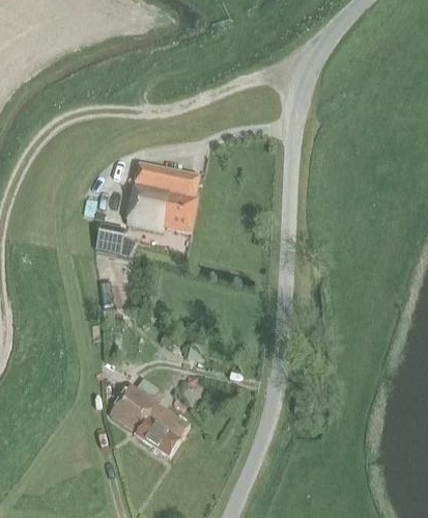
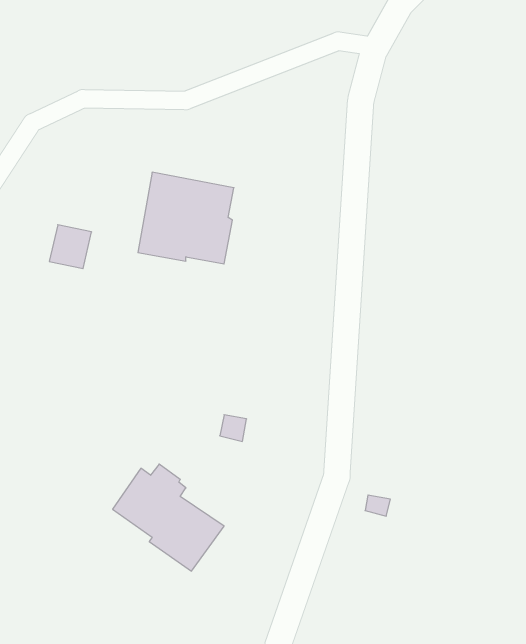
building: [95,225,126,257] -> [49,225,92,269]

